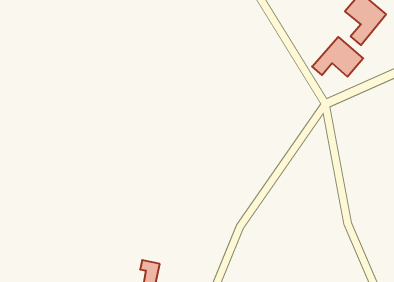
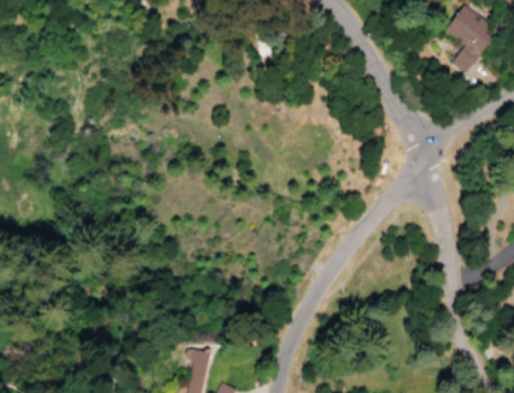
building: [312,37,363,77] -> none

